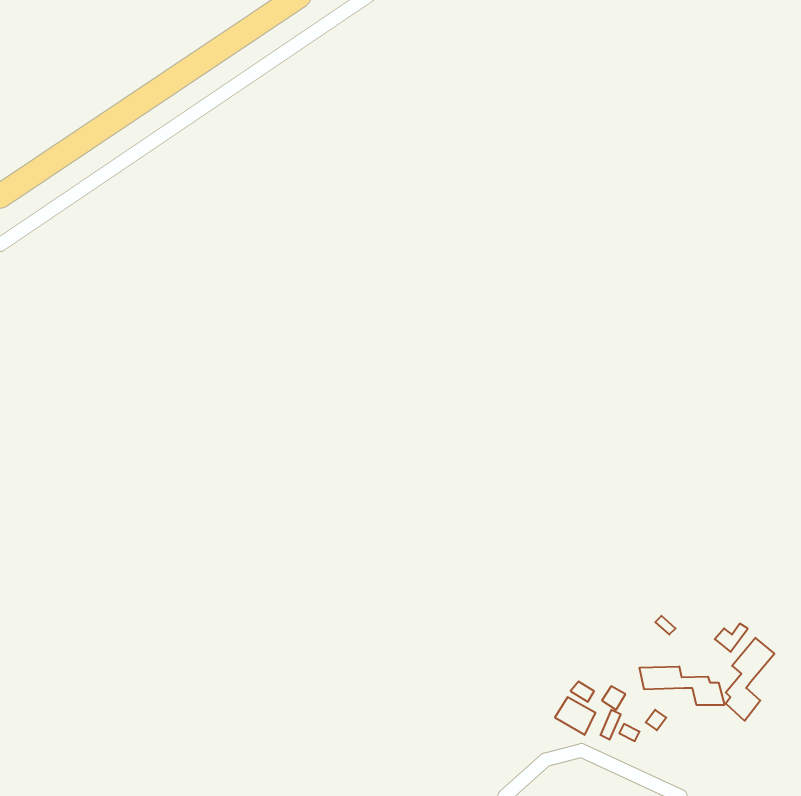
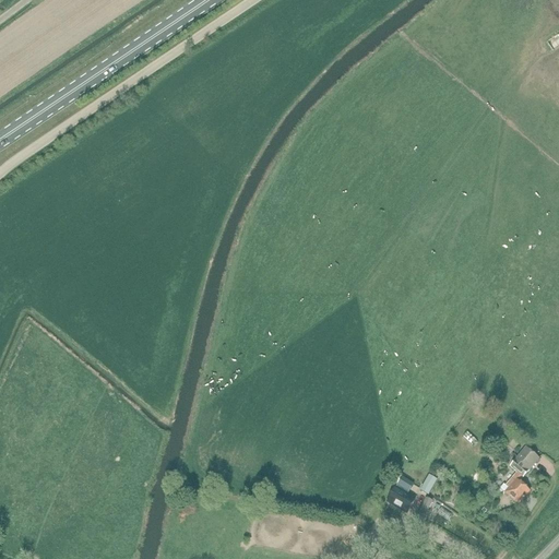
building: [640,666,724,705] -> none

